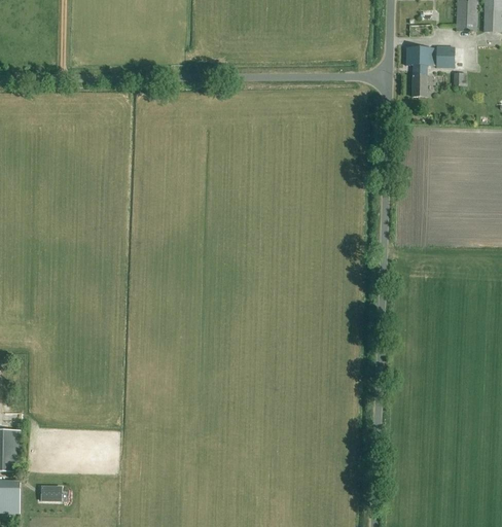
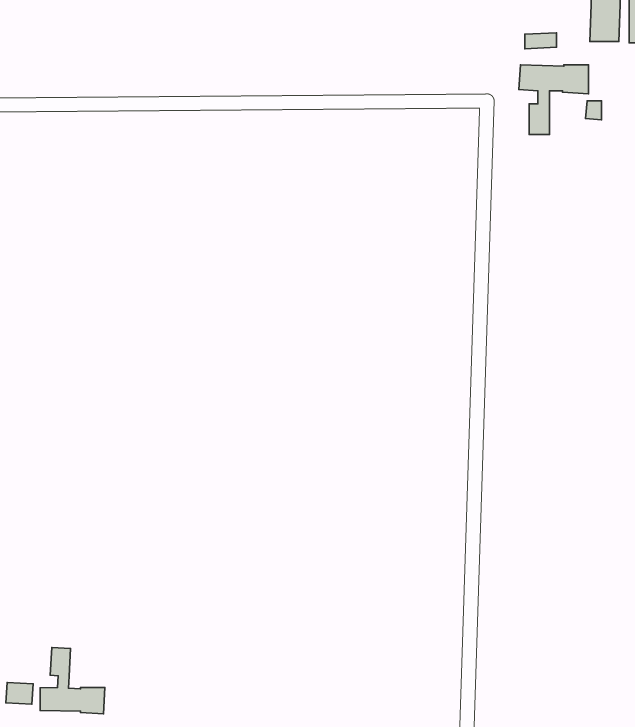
building: none -> [40,648,105,714]

